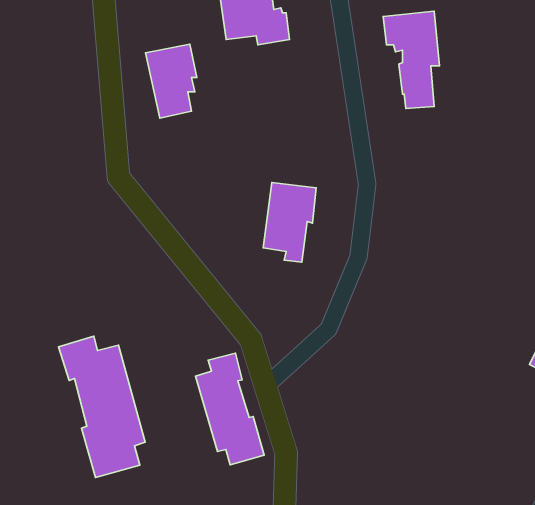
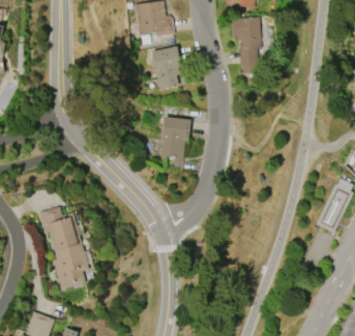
building: [146,44,197,118] -> [150,47,180,90]
building: [196,353,264,465] -> none

